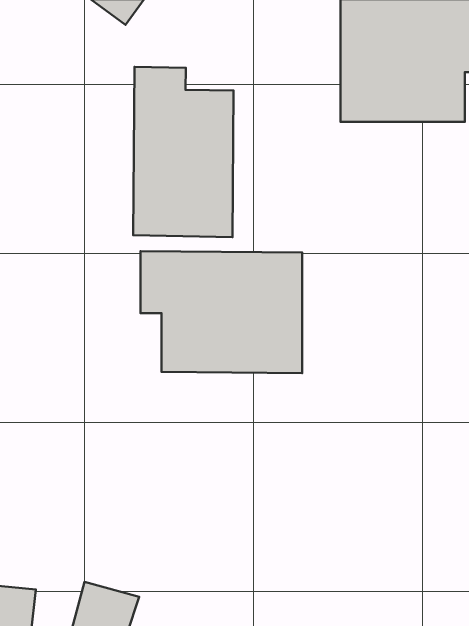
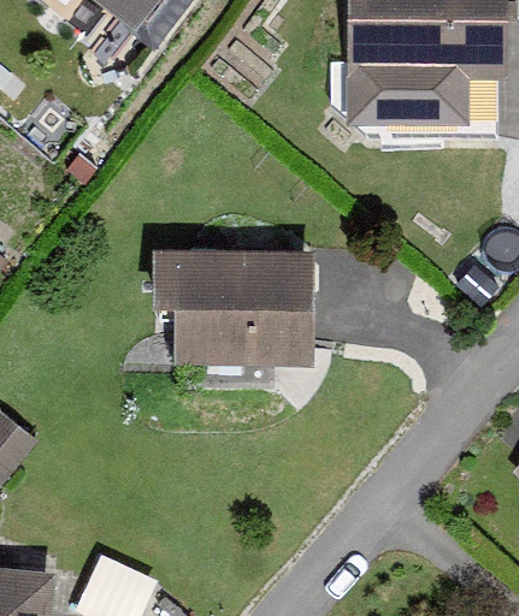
building: [133,67,234,237] -> none

